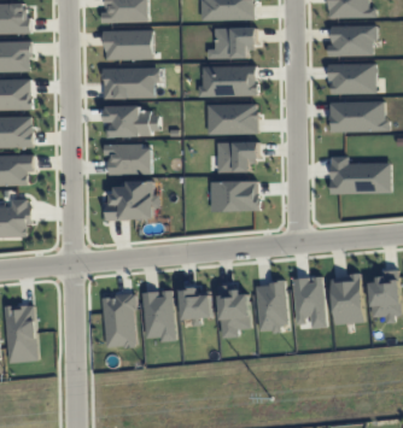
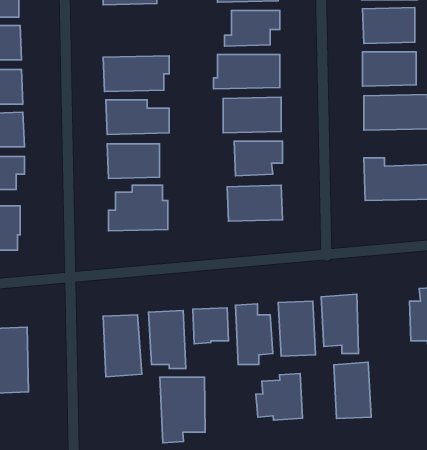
building: [103,30,153,60] -> none
building: [331,275,363,324] -> [334,362,371,419]
building: none -> [256,373,303,420]
building: none -> [160,377,205,443]

